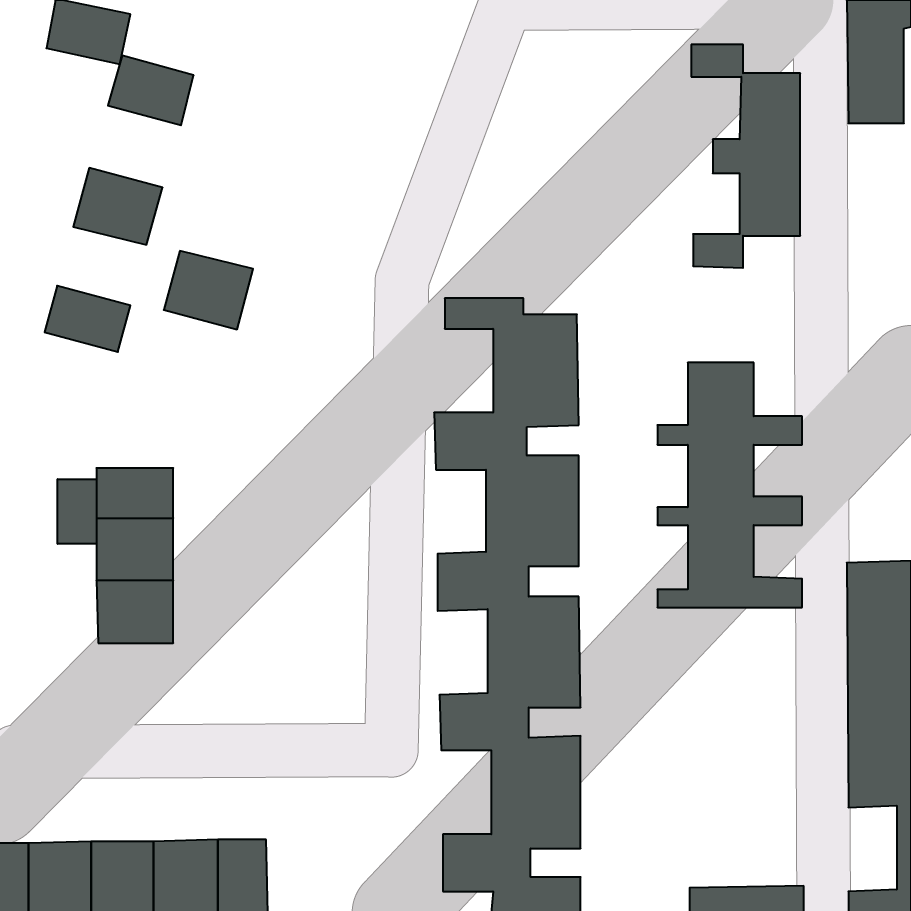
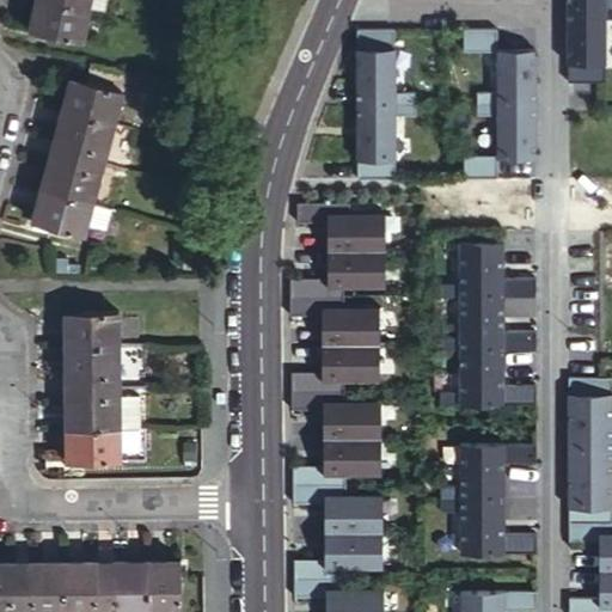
building: none -> [362,31,421,180]
building: [108,56,194,125] -> [60,80,117,127]
building: [164,251,253,329] -> [38,153,98,206]
building: [58,479,96,544] -> none
building: none -> [66,432,116,463]
building: none -> [442,446,538,557]

